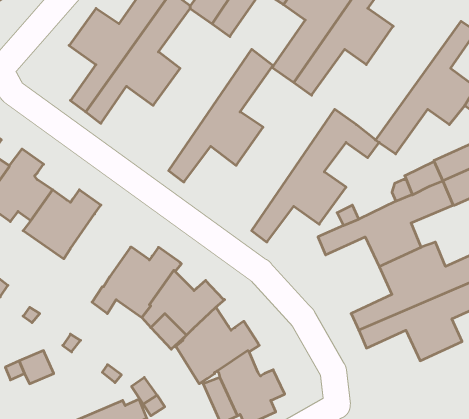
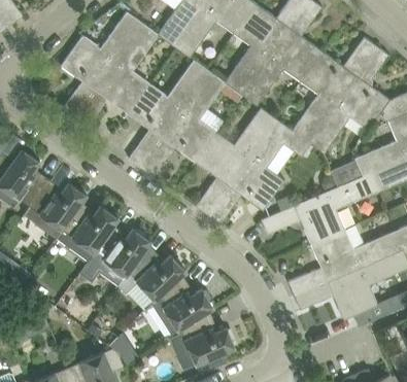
building: none -> [293,37,377,142]
building: none -> [129,60,208,167]
building: none -> [196,107,275,215]
building: none -> [57,206,118,261]

